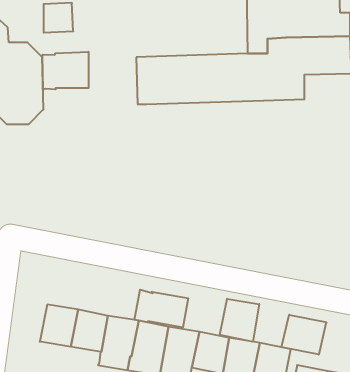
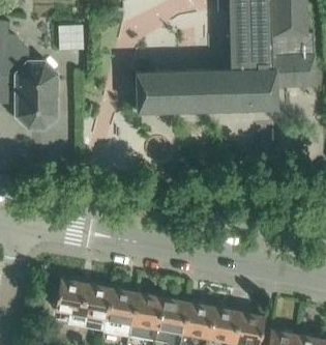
building: [43,52,89,90] -> none
building: [134,290,188,327] -> none
building: [220,299,259,342] -> none
building: [282,315,326,355] -> none

